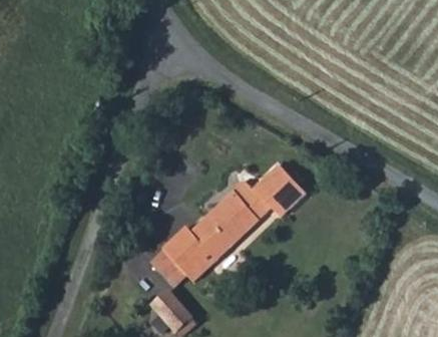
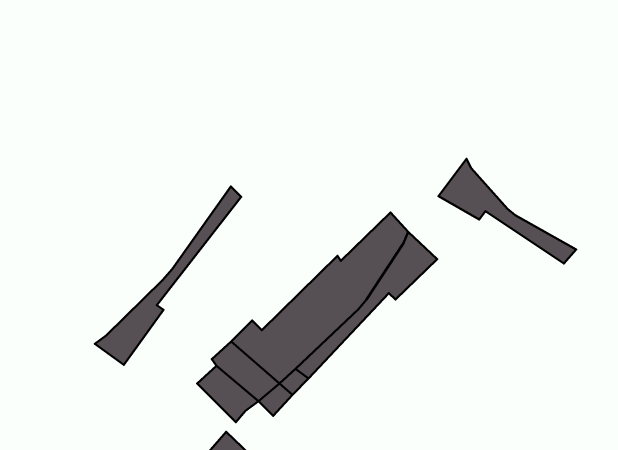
building: none -> [439,159,576,264]
building: none -> [95,187,241,365]

